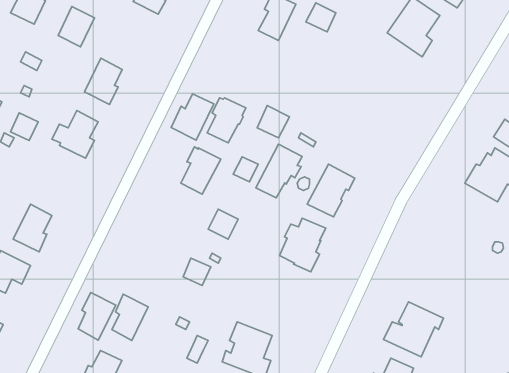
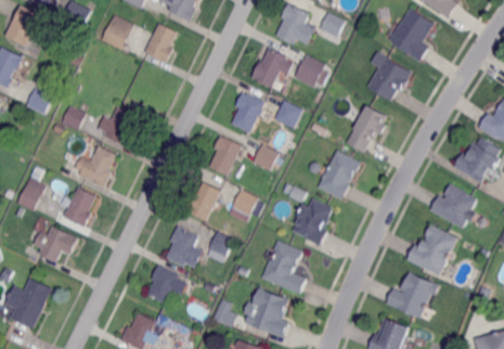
building: none -> [367,51,411,98]
building: none -> [294,54,325,87]
building: [84,58,122,104] -> [144,22,177,62]
building: [171,94,214,140] -> [250,47,287,87]
building: [256,144,302,198] -> [347,105,387,152]
building: none -> [82,144,117,188]
building: none -> [185,182,221,221]
building: none -> [428,182,475,227]
building: none -> [408,224,458,276]
building: none -> [260,240,303,293]
building: [78,293,116,340] -> [167,224,199,266]

